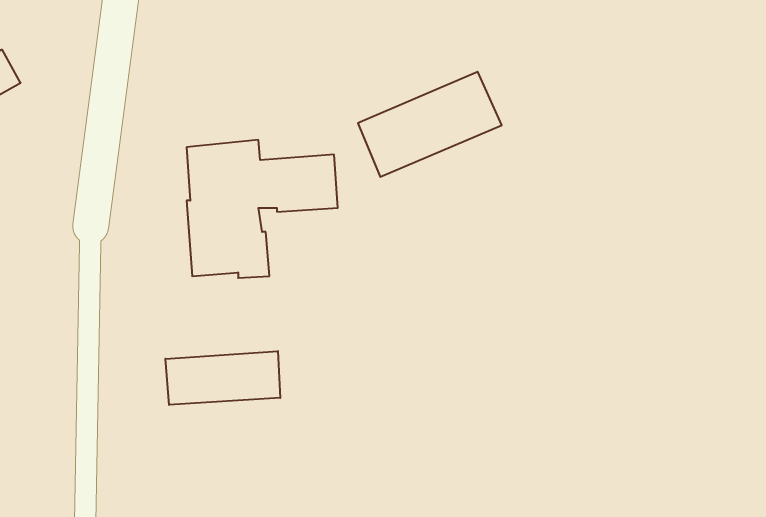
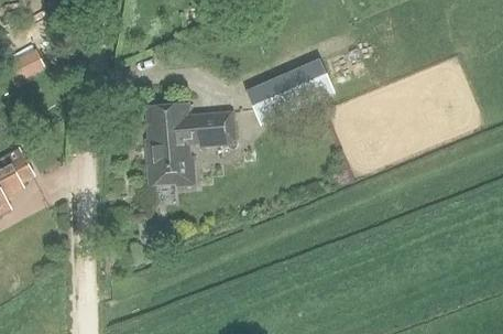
building: [165,351,280,405] -> none

